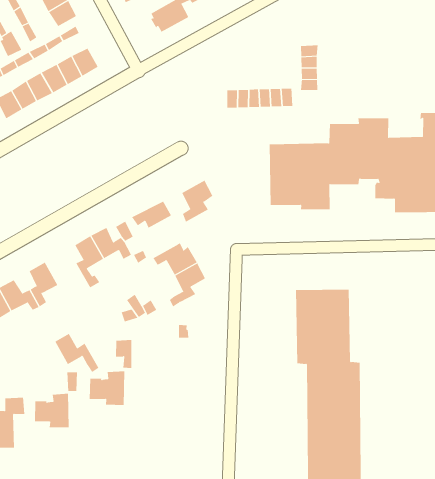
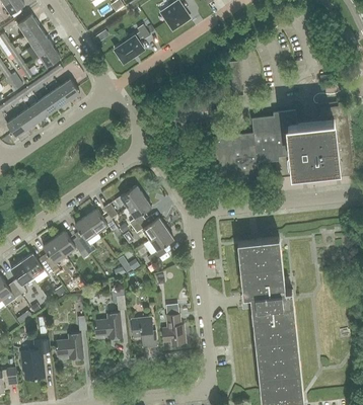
building: [181,180,213,223] -> [127,196,150,229]
building: [54,333,99,373] -> [54,232,88,259]
building: none -> [131,317,156,348]
building: none -> [161,315,185,344]

